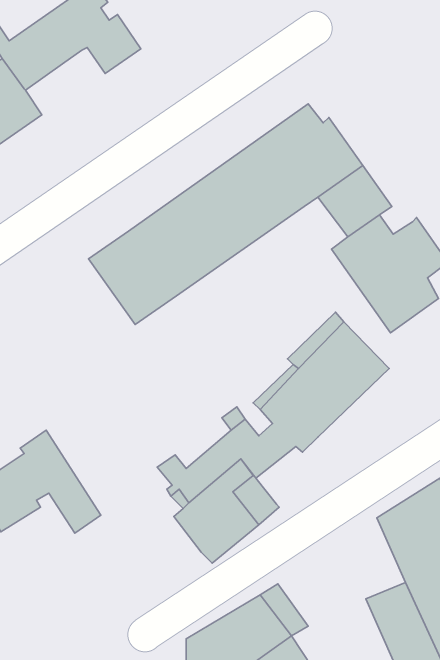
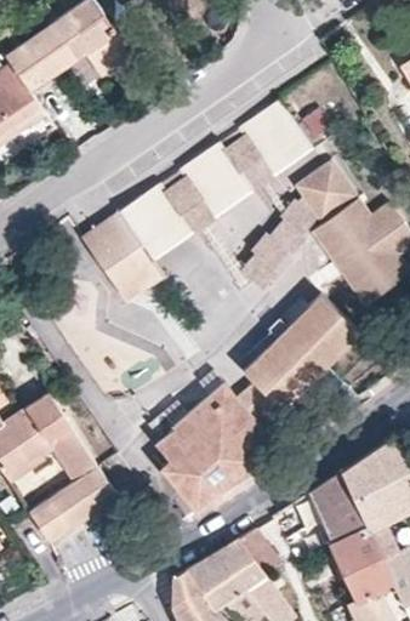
building: none -> [39,467,118,541]
building: none -> [309,469,368,541]

